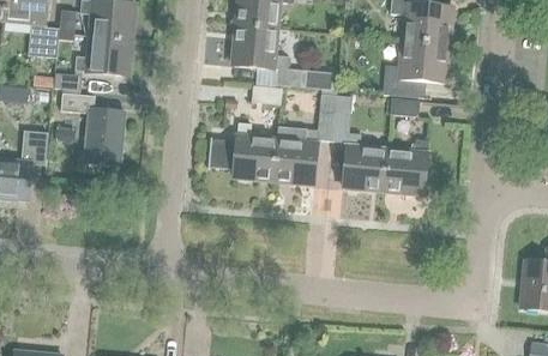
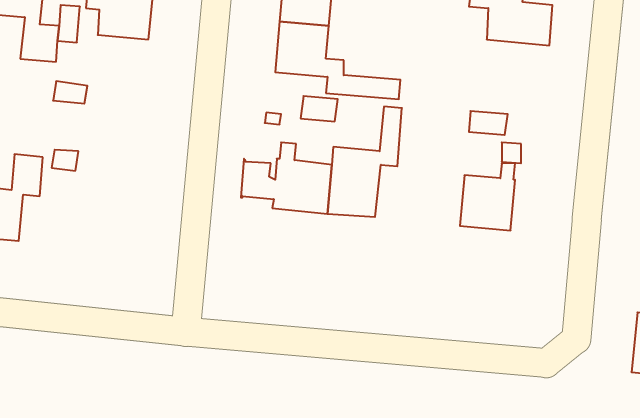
building: [77,35,131,74] -> none
building: [383,38,453,95] -> none
building: [331,93,385,188] -> none
building: [60,95,124,165] -> none

